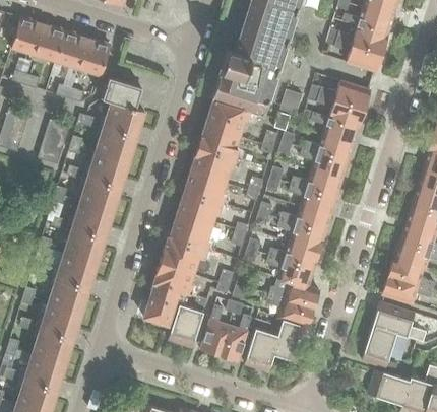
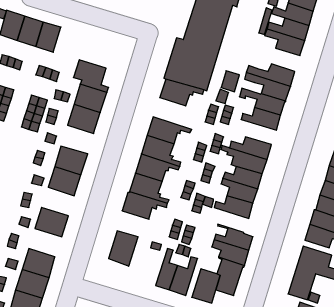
building: [77,37,111,74] -> none
building: [198,122,246,160] -> none
building: [303,148,348,179] -> none
building: [86,155,126,190] -> none
building: [63,230,103,265] -> none
building: [269,255,314,285] -> none
building: [153,259,193,293] -> none
building: [48,280,87,315] -> none
building: [169,303,203,346] -> none

